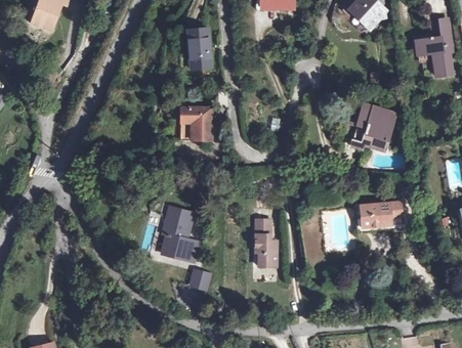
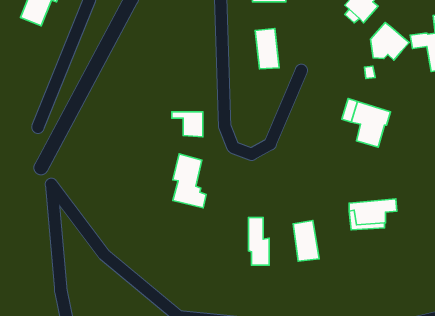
building: none -> [371,23,409,60]
building: [186,28,210,68] -> [255,28,279,69]
building: [163,208,196,261] -> [173,154,206,208]
building: [187,267,211,290] -> none

